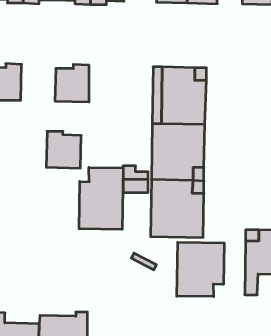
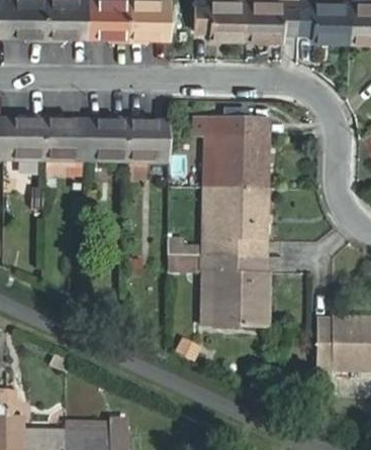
building: none -> [127,117,169,161]
building: [46,131,81,168] -> [44,116,87,160]
building: [79,167,123,229] -> none
building: [177,242,224,297] -> none

